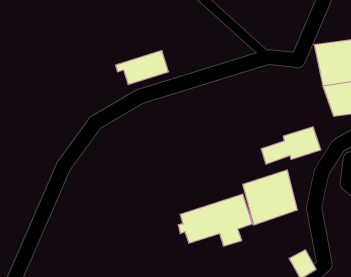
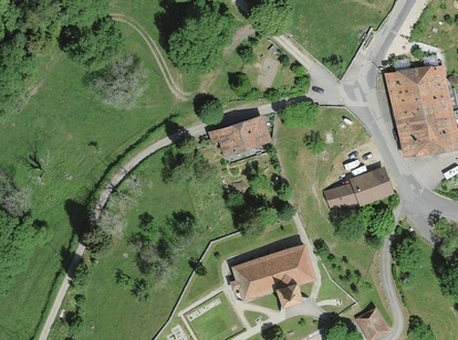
building: [116,51,169,84] -> [209,117,270,156]
building: [243,170,297,225] -> none

